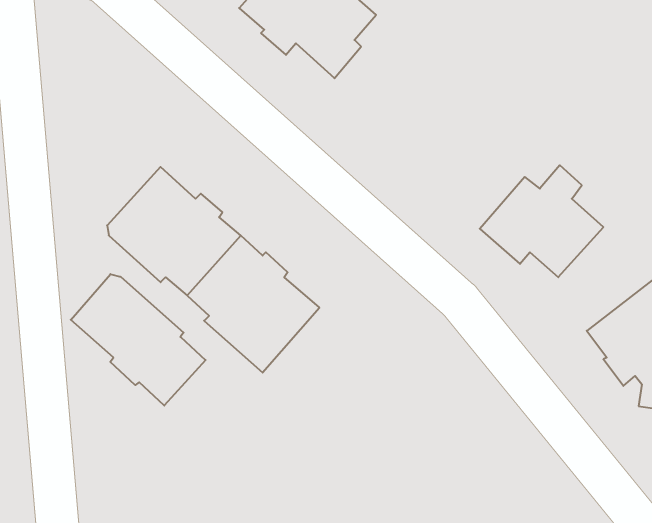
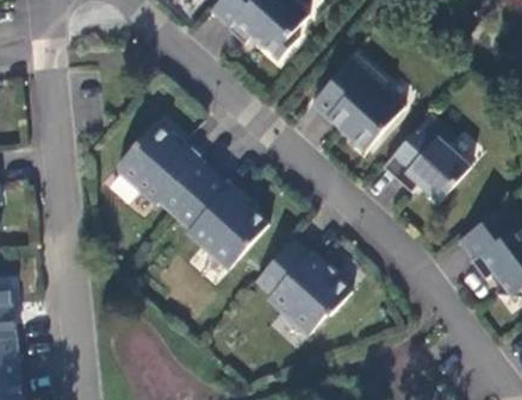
building: none -> [311,54,404,150]
building: [71,274,206,406] -> none
building: none -> [255,238,350,333]

